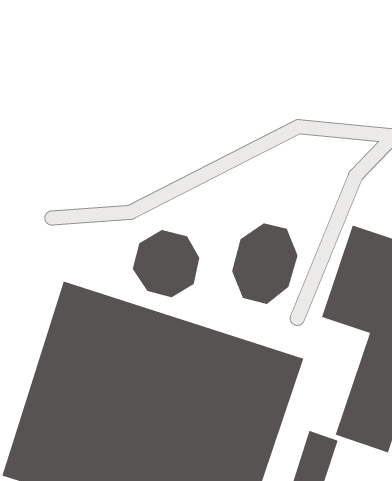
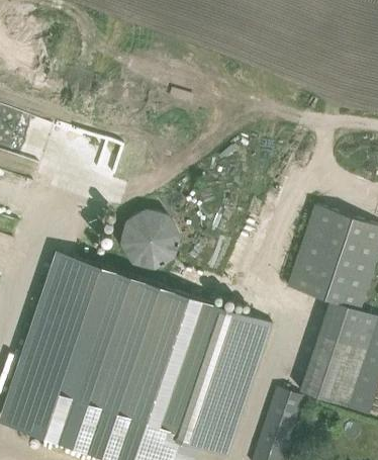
building: [232,223,298,305] -> none

